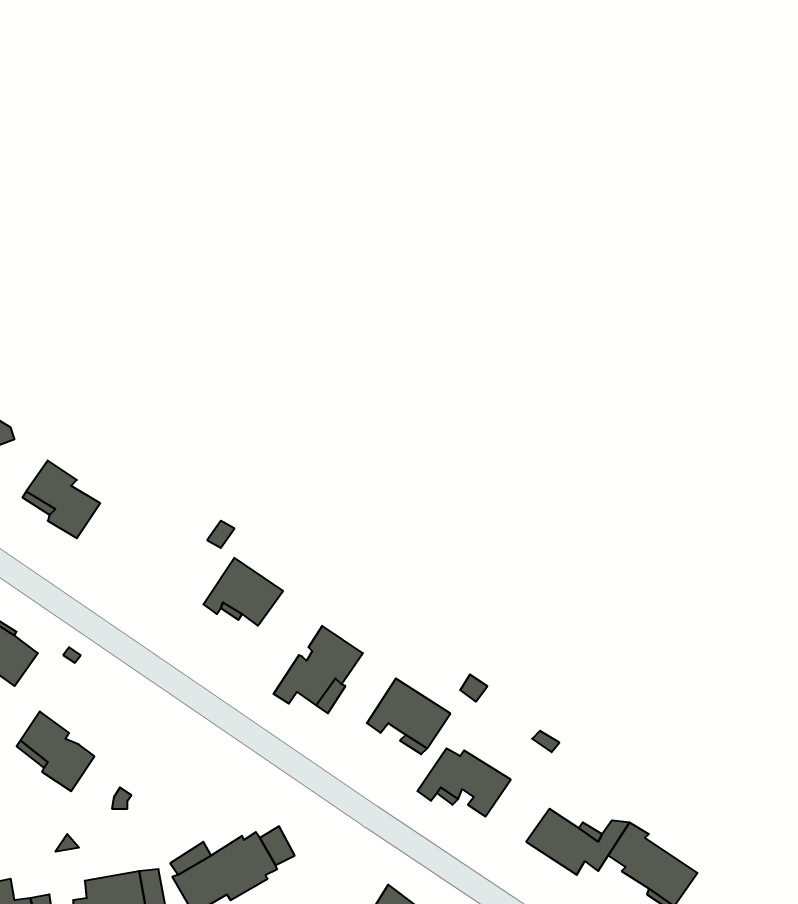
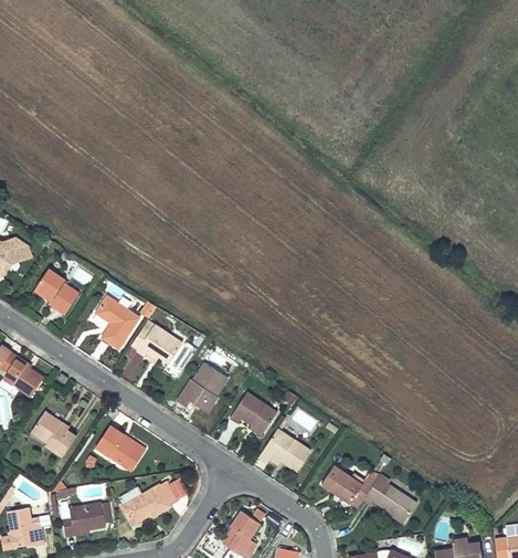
building: none -> [95,296,138,348]
building: none -> [95,424,146,471]

